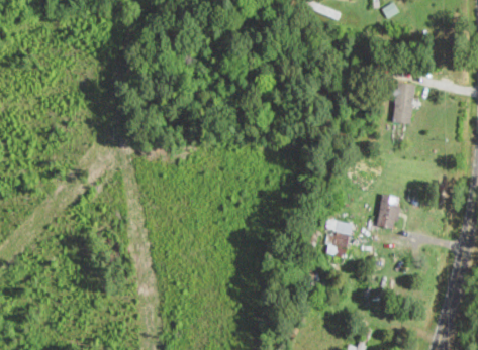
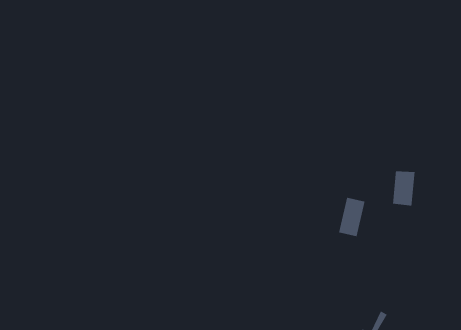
building: [391,82,415,124] -> none

